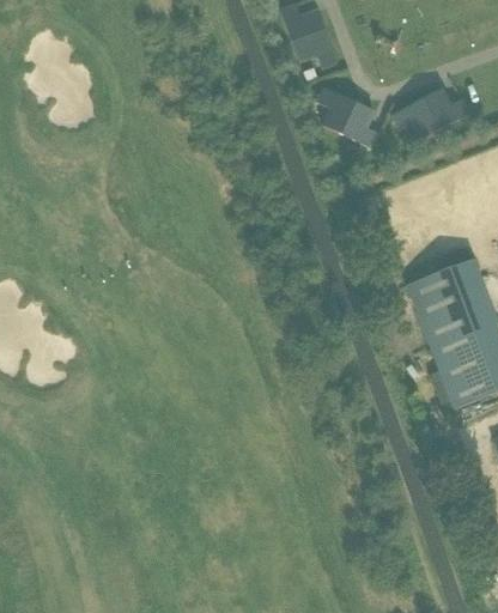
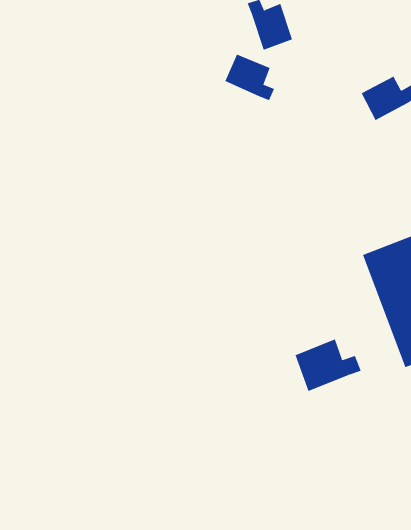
building: [324,95,379,146] -> [224,54,275,101]
building: none -> [295,338,362,392]

